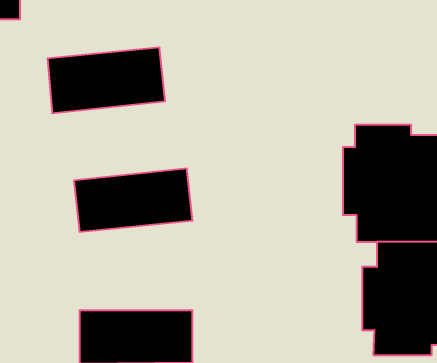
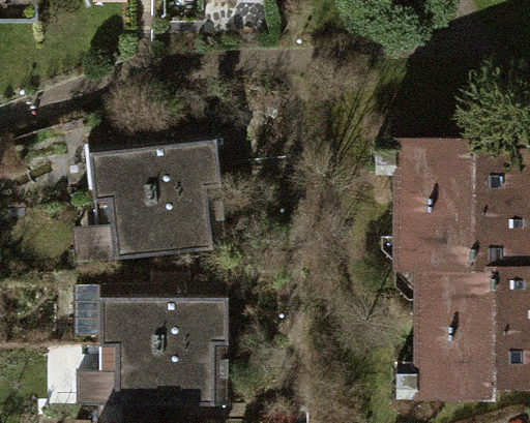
building: [47,47,165,113] -> [88,129,219,203]
building: none -> [75,273,226,348]

